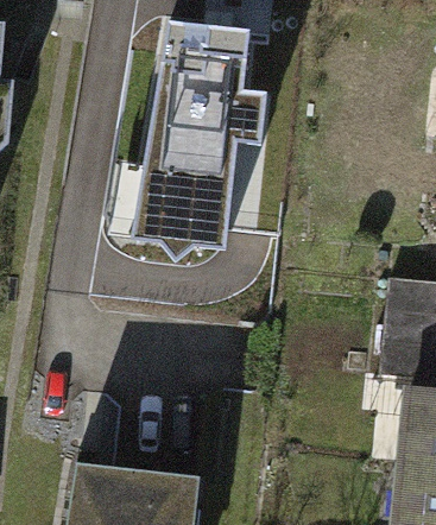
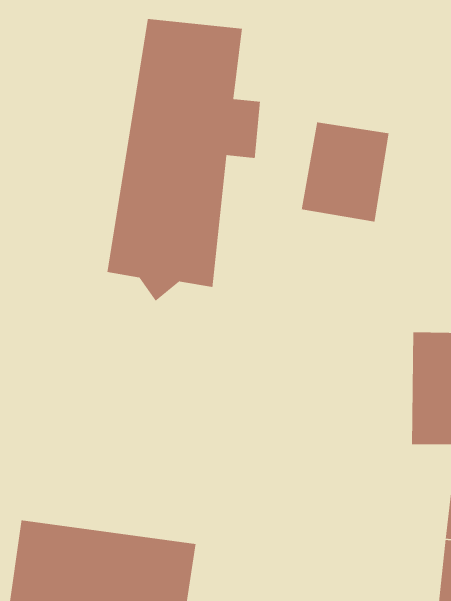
building: none -> [301,122,389,222]

